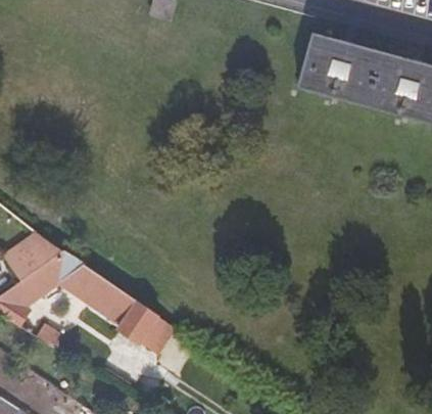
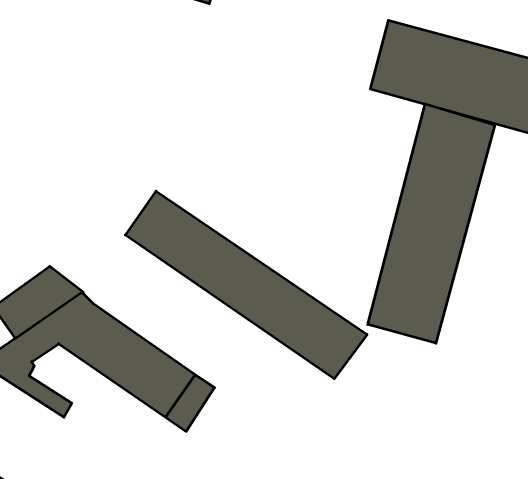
building: none -> [368,104,495,343]
building: none -> [125,191,367,379]

